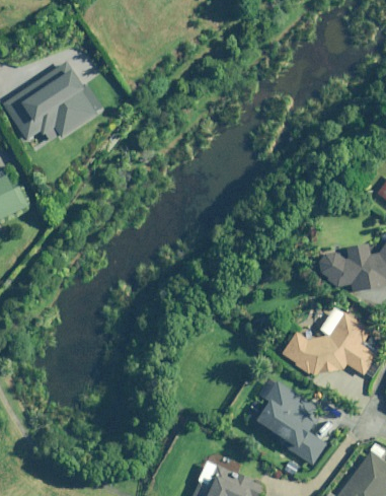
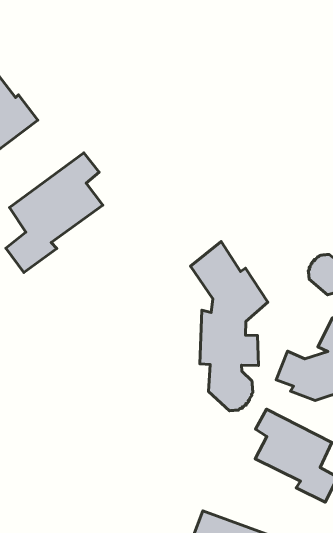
building: none -> [6,153,103,273]
building: none -> [191,242,268,411]

